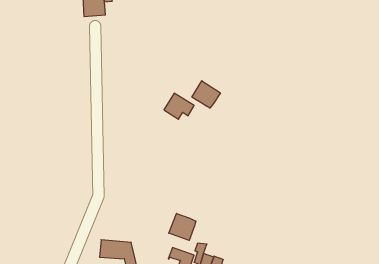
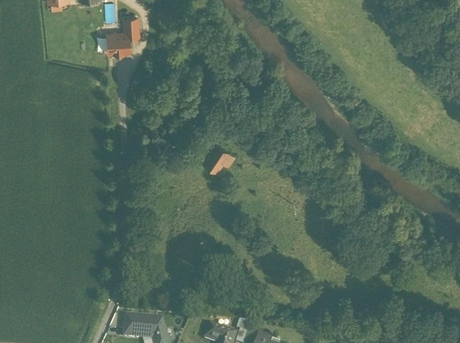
building: [192,81,220,108] -> none
building: [169,213,196,240] -> none

